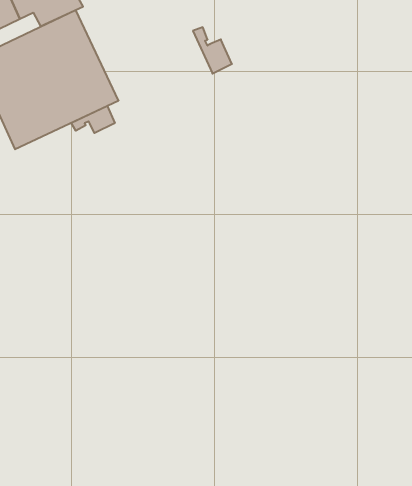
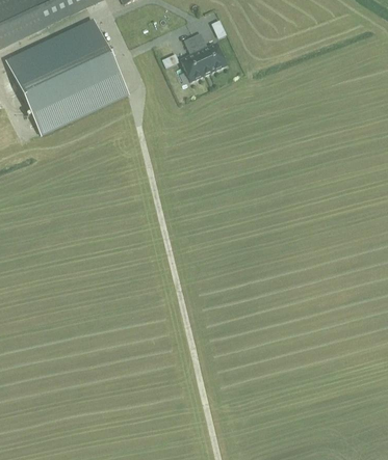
building: none -> [180,35,209,80]
building: [71,106,115,133] -> none

